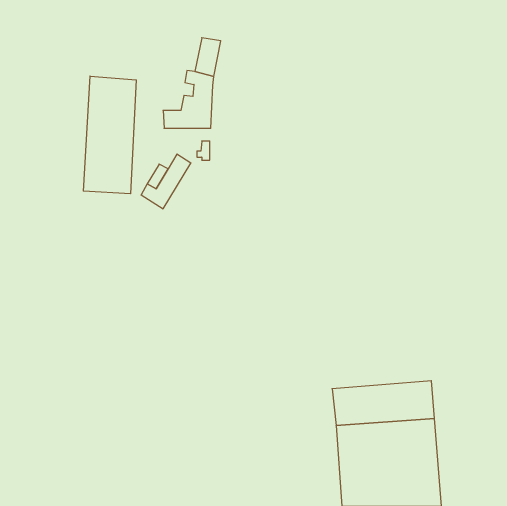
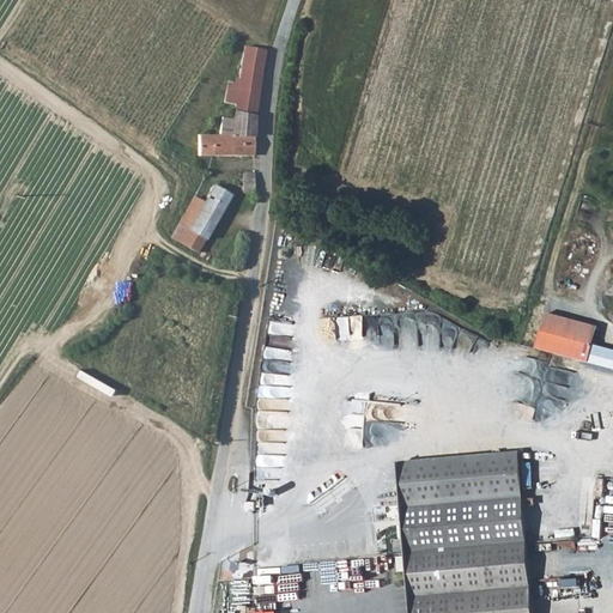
building: [83,76,136,194] -> none
building: none -> [539,314,602,364]

